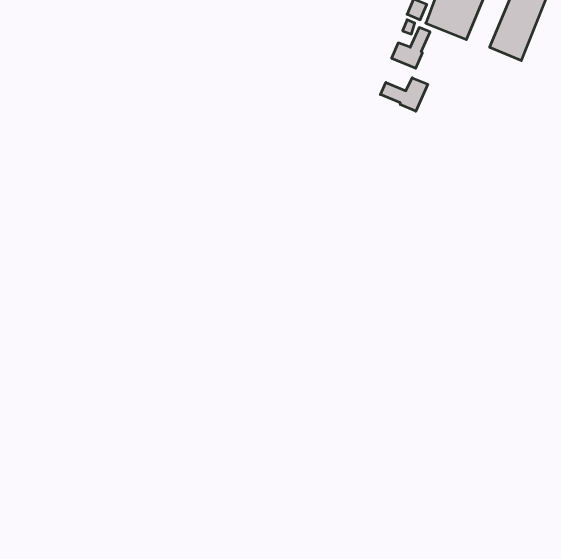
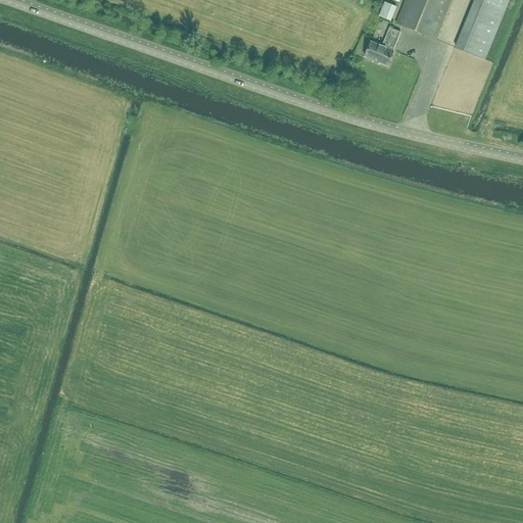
building: [380,78,428,111] -> none

